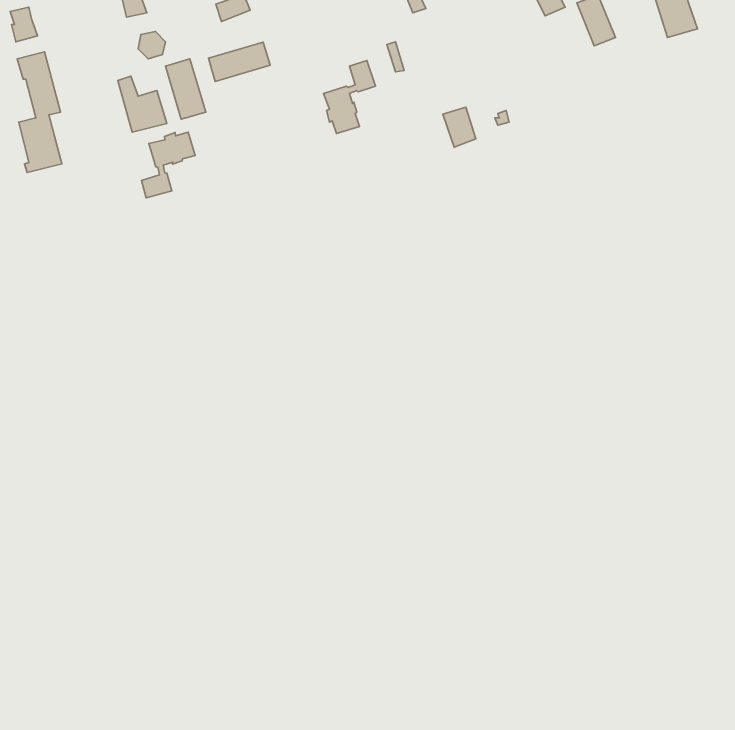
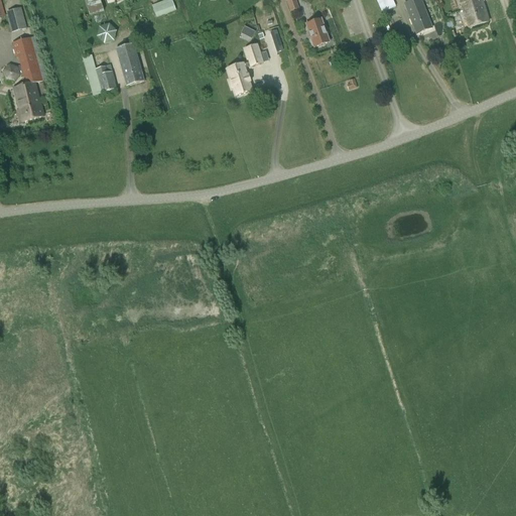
building: [208,42,270,81] -> none
building: [443,107,476,147] -> [305,17,329,45]
building: [141,132,195,198] -> none

